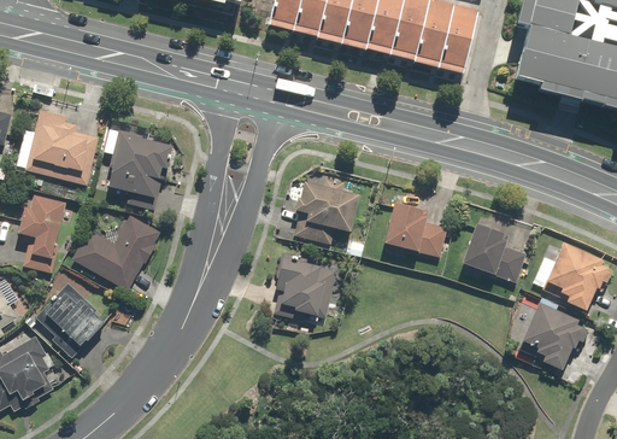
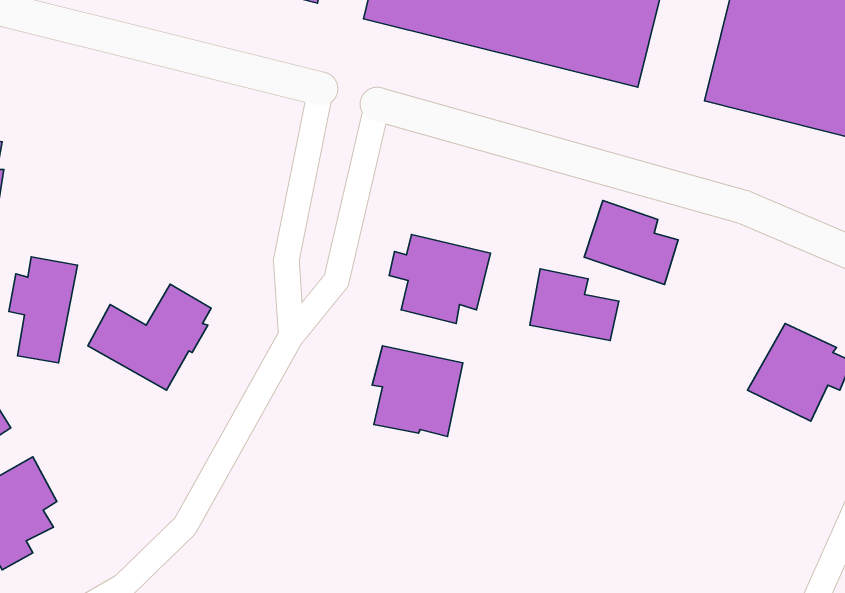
building: [27,109,99,183] -> none
building: [101,124,174,209] -> none
building: [459,221,525,280] -> [584,201,678,284]
building: [33,280,105,355] -> none
building: [516,300,587,368] -> none

